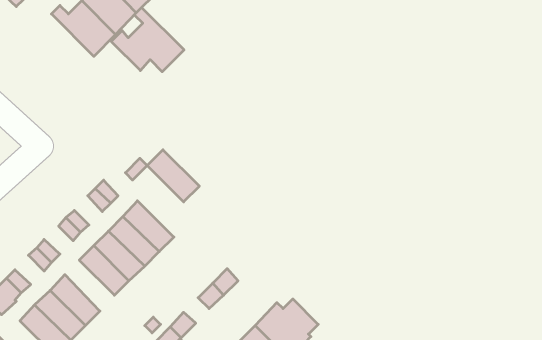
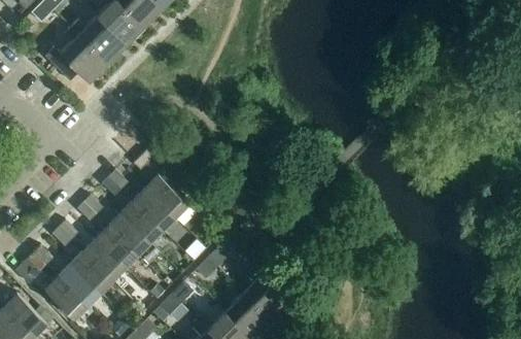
building: [111,7,184,72] -> [44,29,106,83]
building: [147,150,199,202] -> [143,174,187,218]
building: none -> [81,238,124,281]

